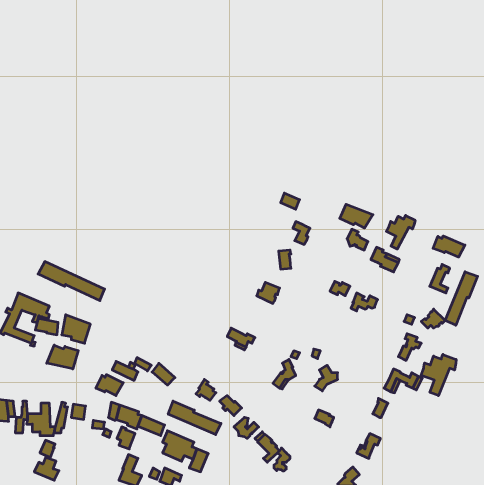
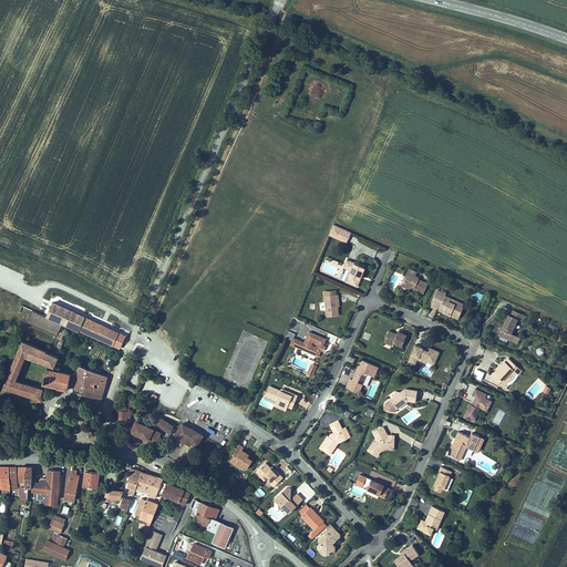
building: [340,204,373,228] -> none
building: [386,215,415,249] -> none
building: [433,236,465,257] -> none
building: [445,272,478,325] -> none
building: none -> [346,359,378,393]
building: none -> [382,388,416,412]
building: [47,345,78,369] -> none
building: [421,354,456,396] -> none
building: [96,375,123,396] -> none
building: [168,401,221,435] -> none

